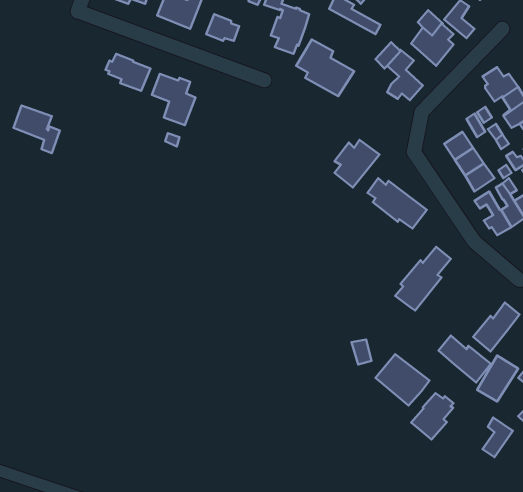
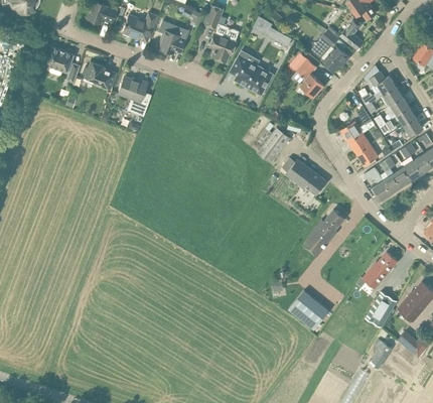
building: [14,106,60,153] -> [44,46,80,83]
building: [438,335,491,382] -> none
building: [411,393,453,440] -> none

